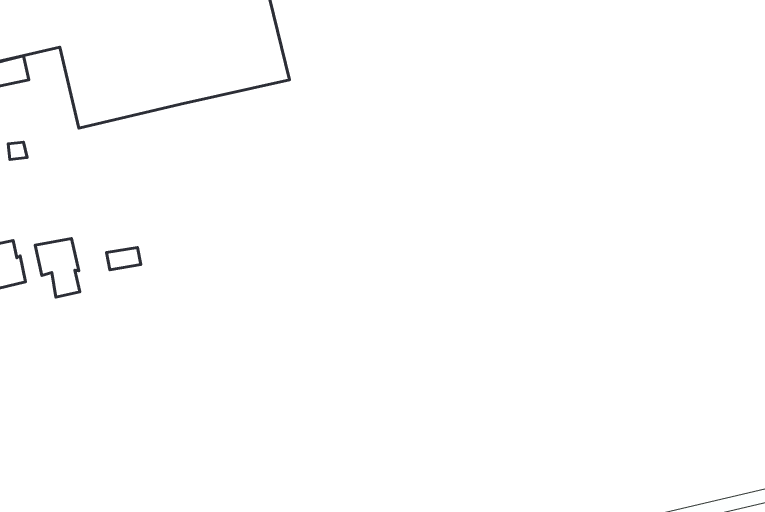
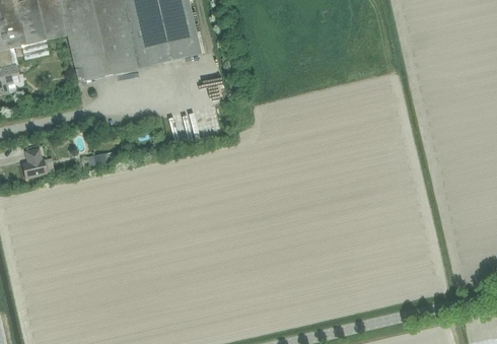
building: [35,238,80,297] -> none

